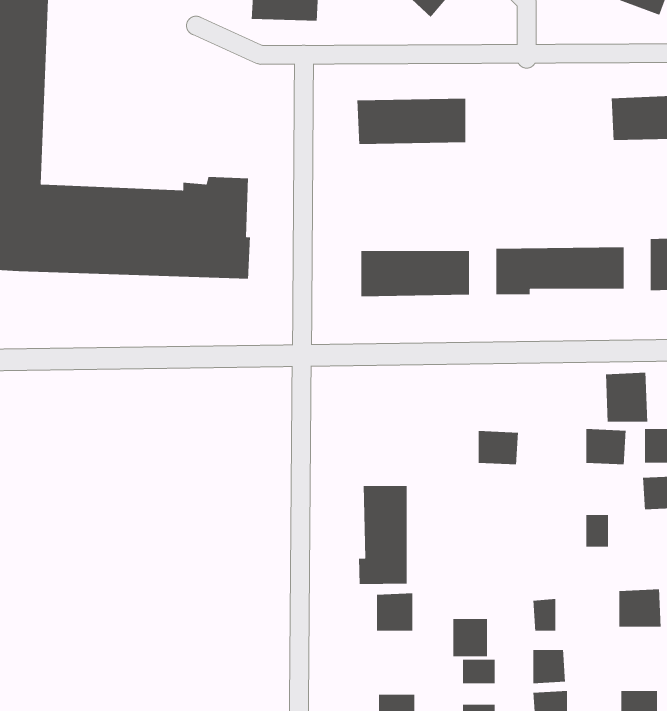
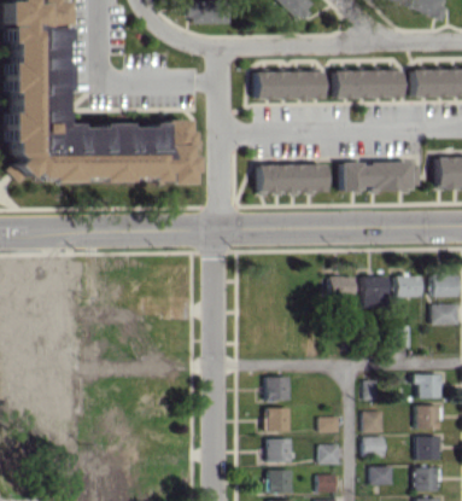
building: none -> [333,69,399,98]
building: [605,372,648,423] -> [361,275,387,307]
building: [358,485,407,585] -> none
building: [453,618,488,657] -> [267,407,288,431]
building: none -> [415,404,439,429]

